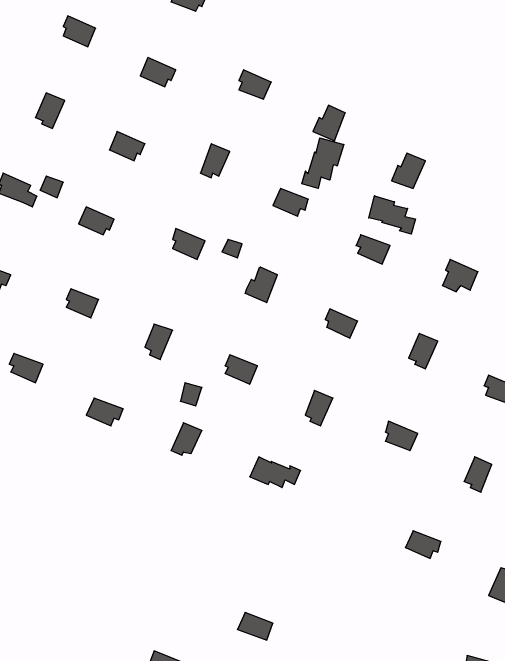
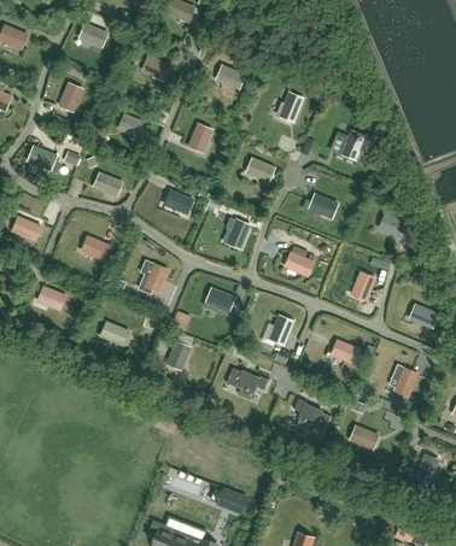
building: [302,138,344,188] -> none
building: [369,196,415,234] -> none
building: none -> [293,398,329,430]

